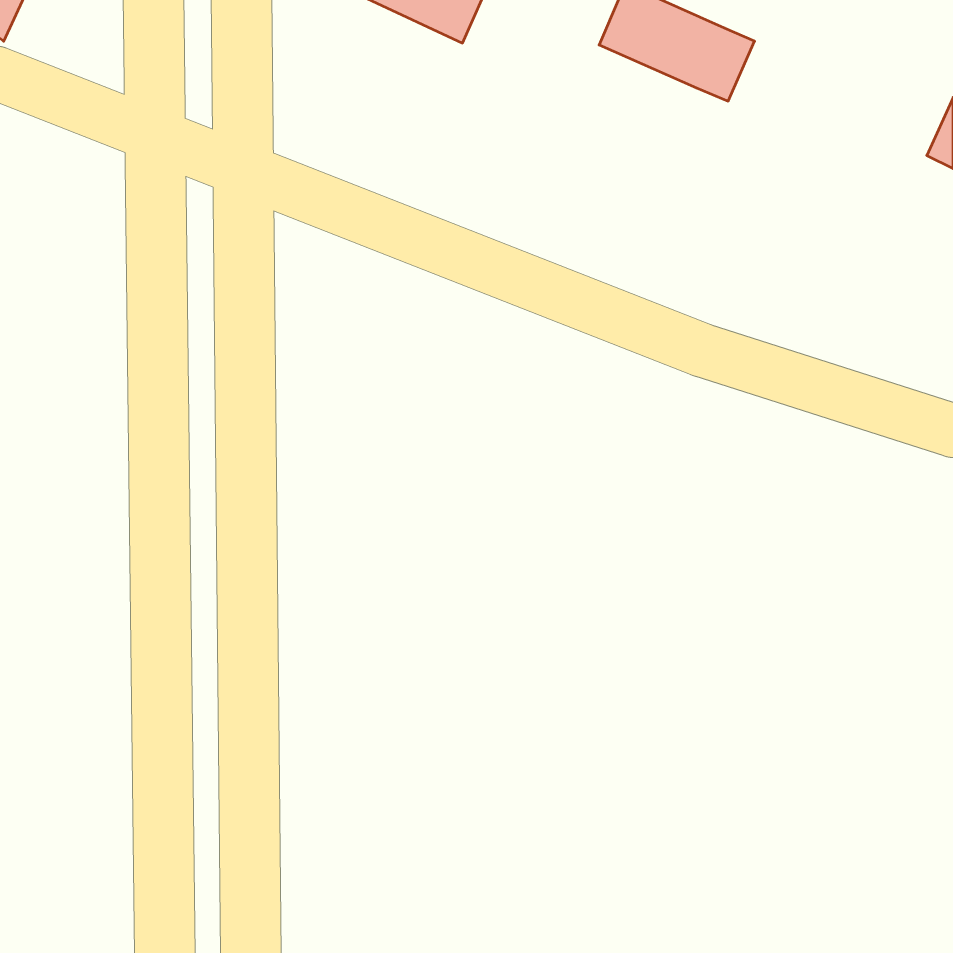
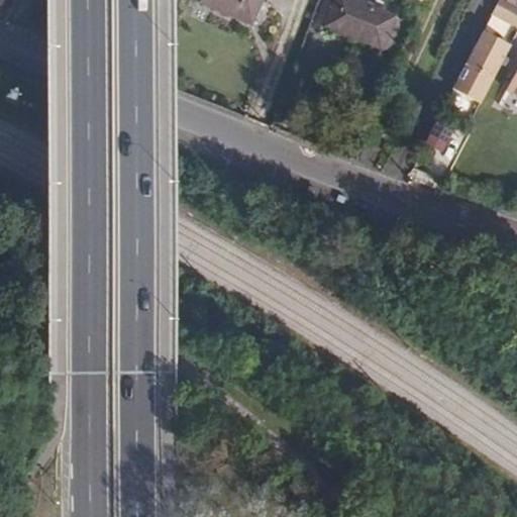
building: none -> [453,17,510,88]

